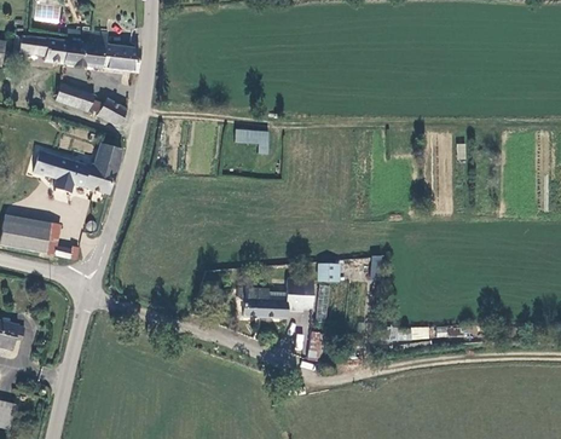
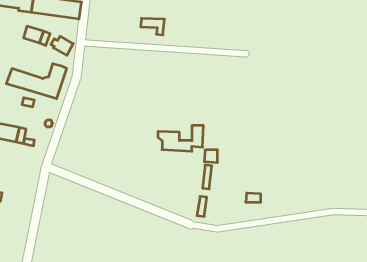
building: [235,129,270,154] -> [141,18,165,35]
building: [237,279,303,317] -> [158,126,203,151]

